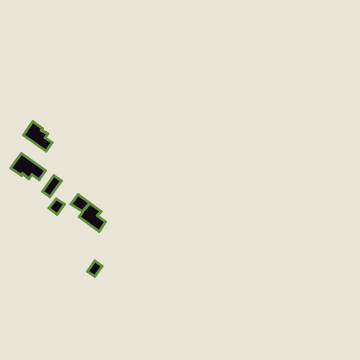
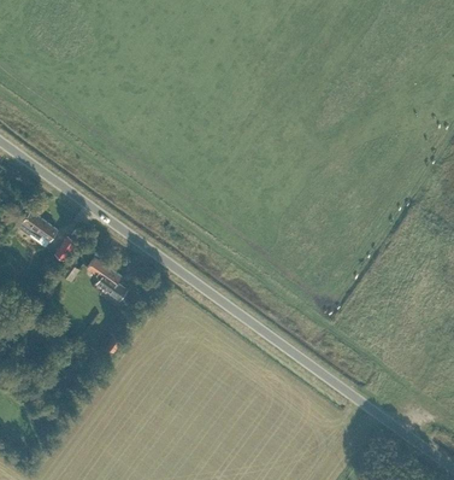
building: [24,122,52,151] -> none

